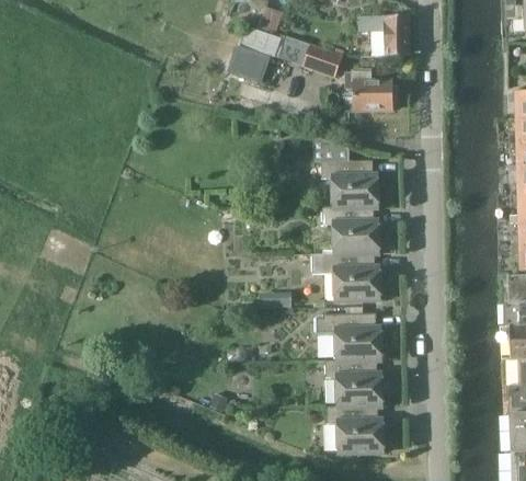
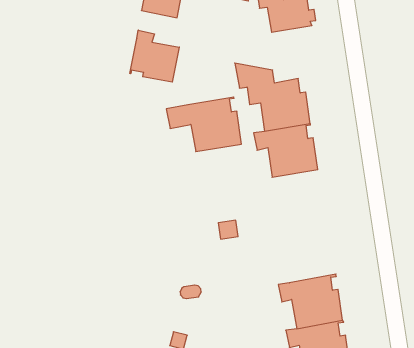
building: none -> [130,30,179,82]
building: [311,253,380,301] -> [166,97,241,152]
building: [313,313,382,360] -> none

